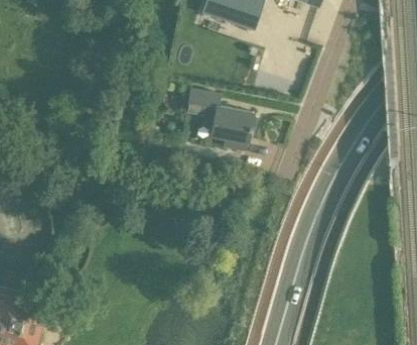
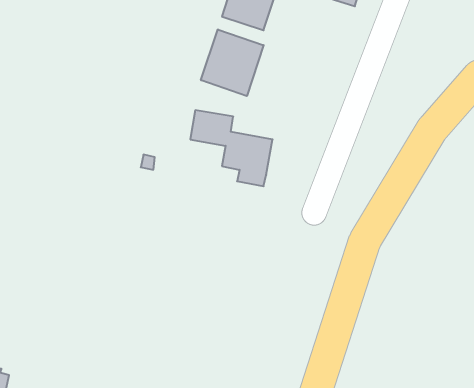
building: none -> [201,29,264,96]

